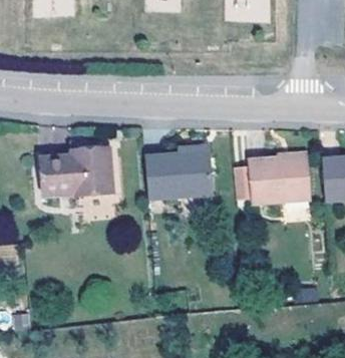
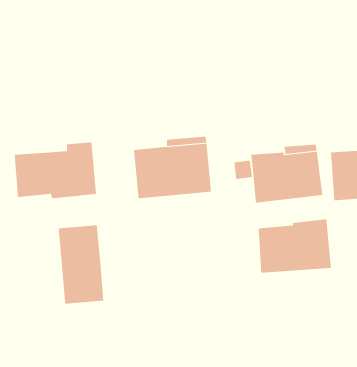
building: none -> [258,218,332,273]
building: none -> [58,224,104,304]

